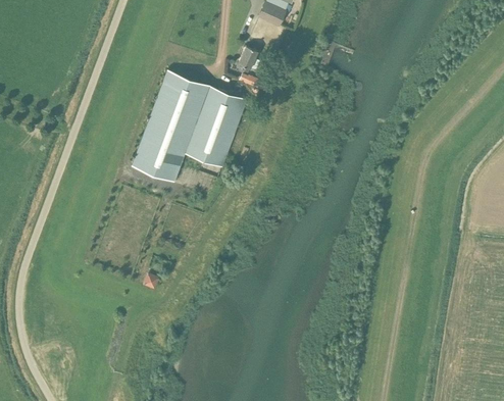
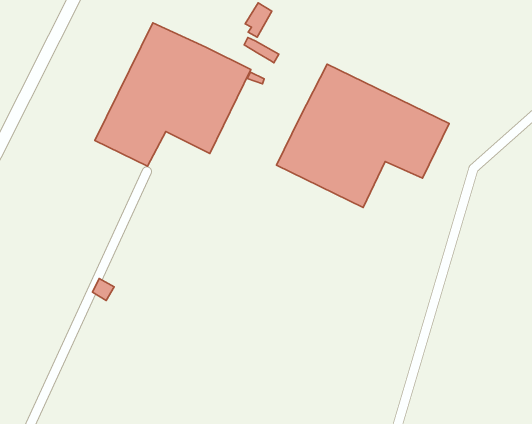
building: none -> [277,64,449,208]

